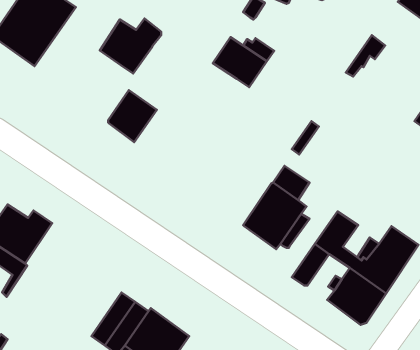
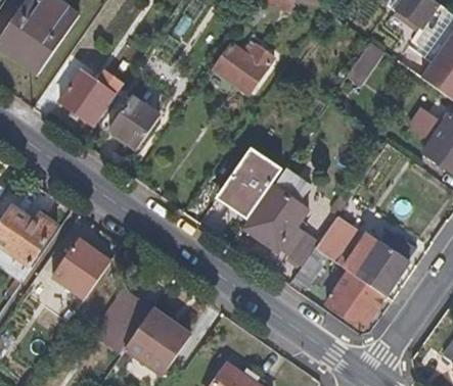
building: [100,18,161,73] -> [61,67,122,122]
building: none -> [205,150,267,211]
building: none -> [54,240,109,297]

